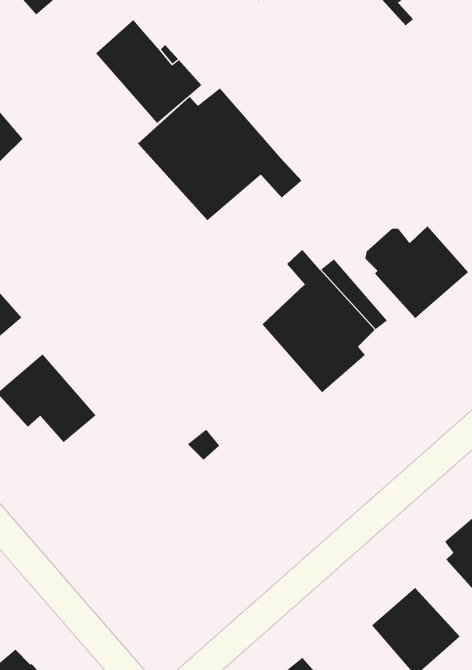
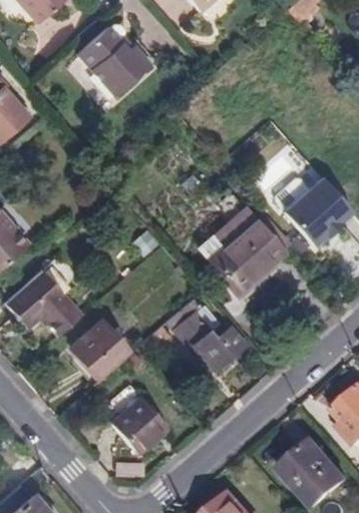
building: [137,88,302,221] -> none
building: none -> [164,307,245,371]
building: none -> [71,320,129,378]
building: none -> [112,396,169,452]

